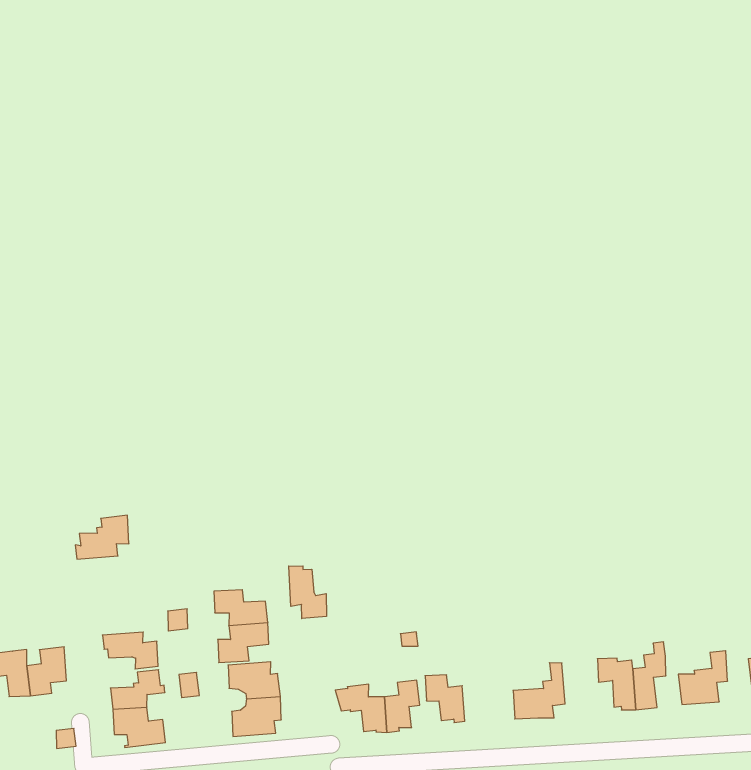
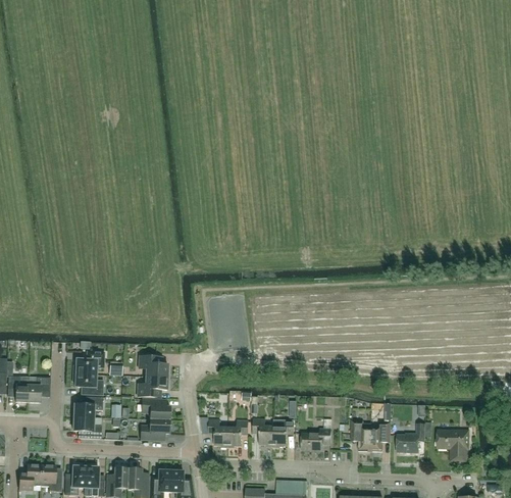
building: [75,515,129,559] -> [72,352,104,375]
building: [289,566,326,619] -> none
building: none -> [272,419,294,447]

